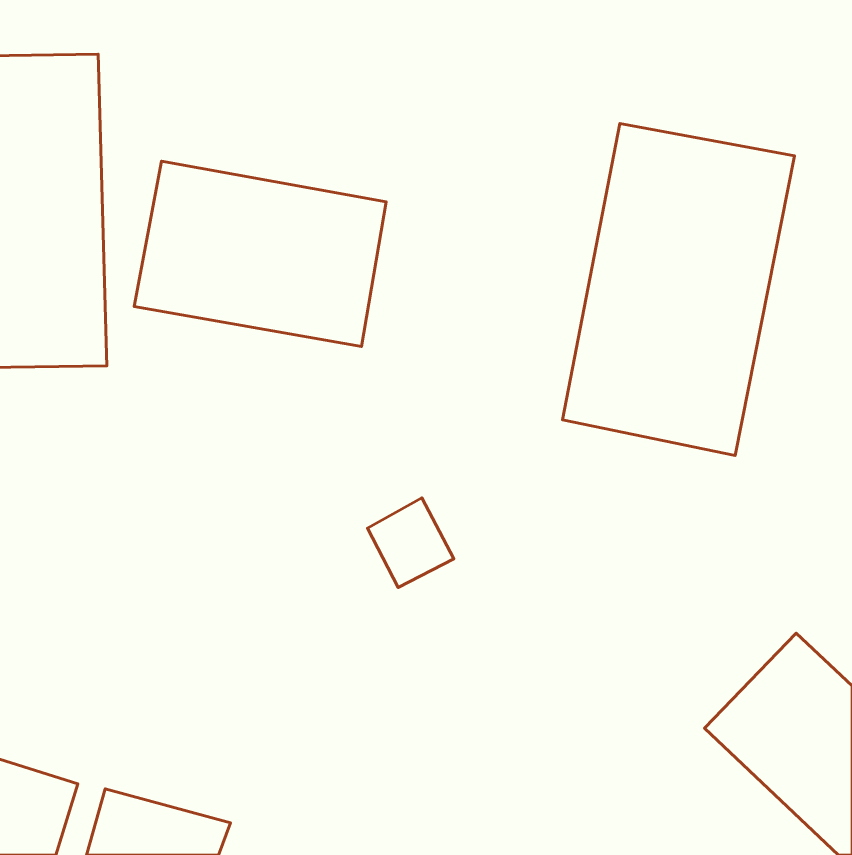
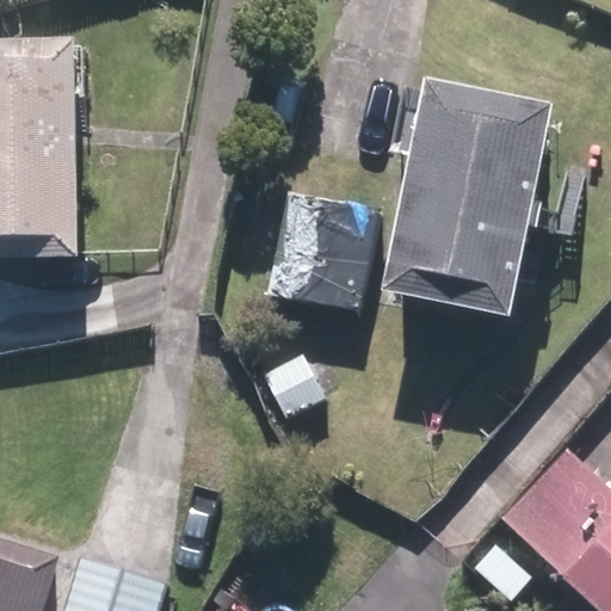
building: [134,161,386,346] -> none
building: none -> [273,195,377,311]

